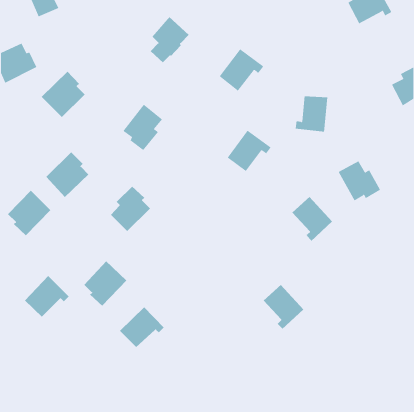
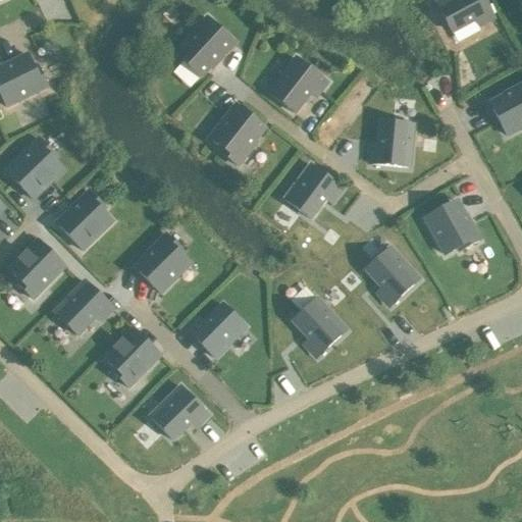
building: [41,71,85,118] -> [6,138,62,197]
building: [122,104,163,151] -> [216,108,267,167]
building: none -> [188,304,245,356]
building: [24,275,69,318] -> [55,280,112,333]
building: [263,284,304,330] -> [294,298,346,355]

